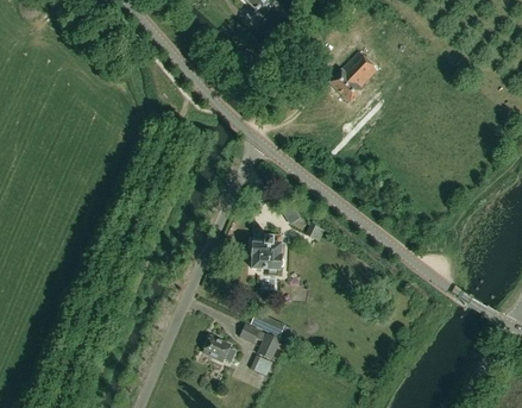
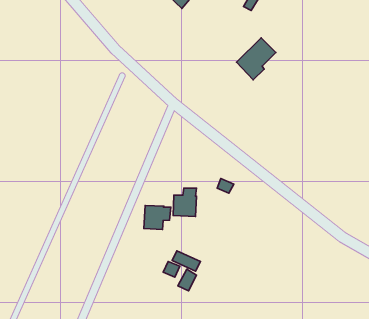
building: none -> [144,205,171,229]
building: [202,337,235,363] -> none

